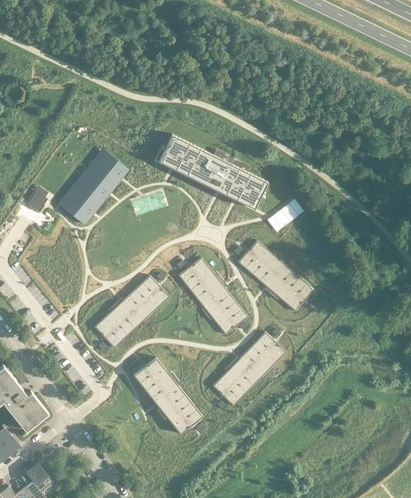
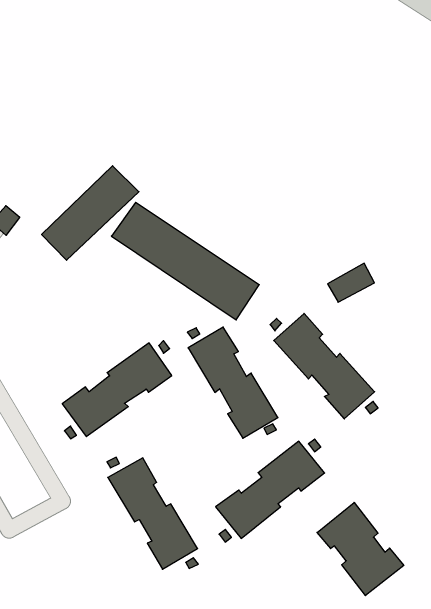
building: [157,134,266,208] -> [111,202,259,320]
building: none -> [317,502,404,596]

